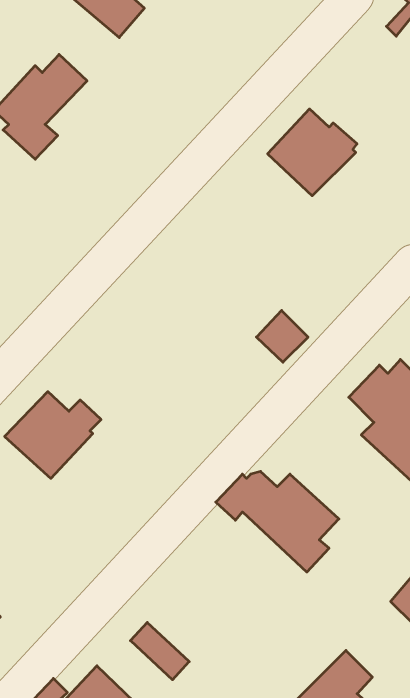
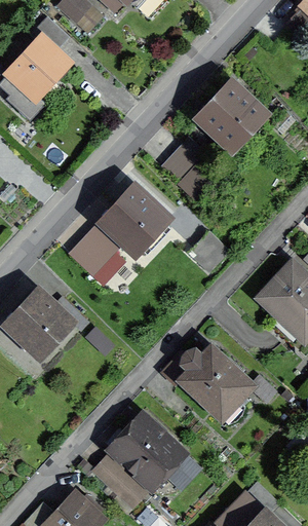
building: none -> [161,144,209,192]
building: none -> [70,187,166,276]
building: none -> [114,417,198,487]

